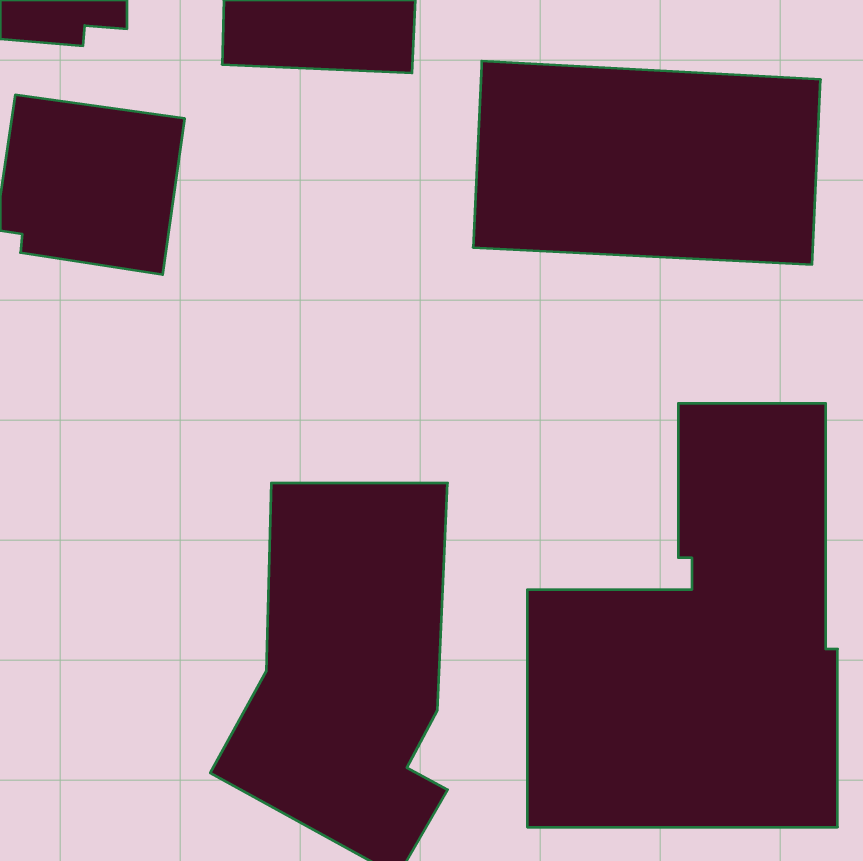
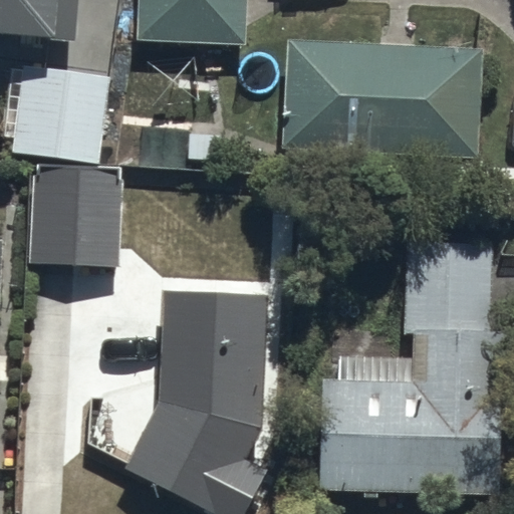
building: none -> [27,164,120,266]

